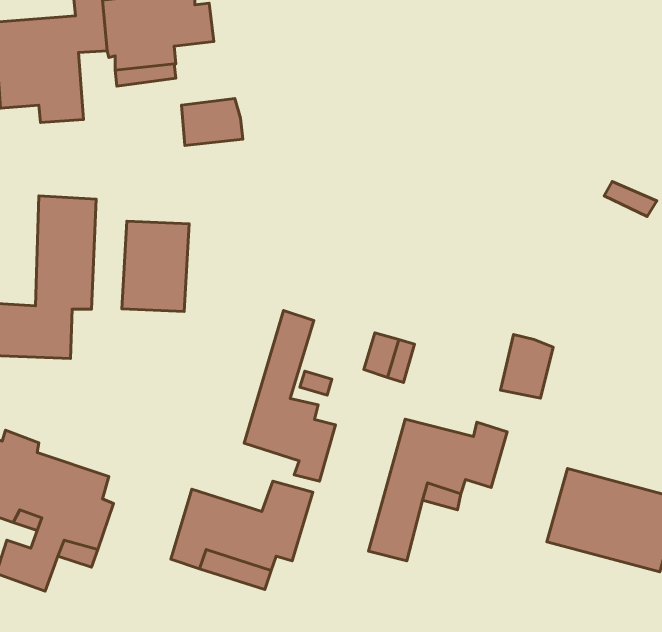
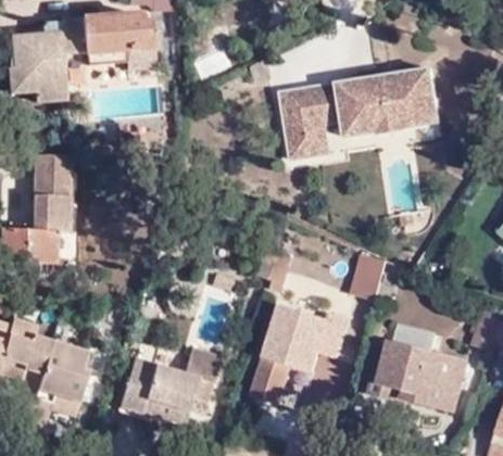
building: none -> [279,68,438,157]
building: [182,98,243,146] -> none
building: [122,221,189,311] -> none
building: [244,310,336,481] -> none

